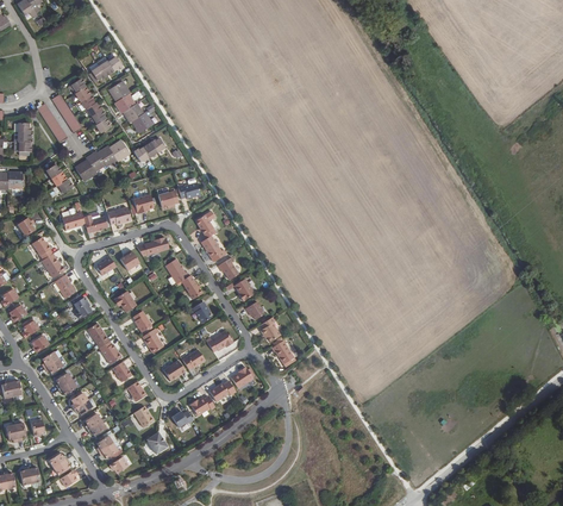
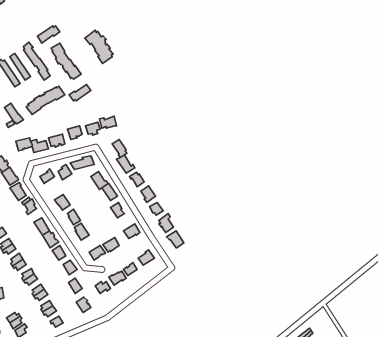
building: none -> [85,30,113,64]

